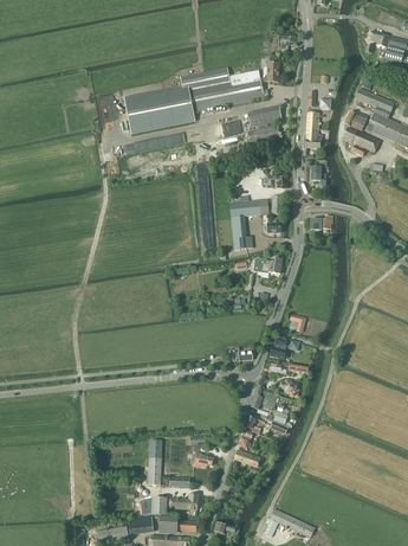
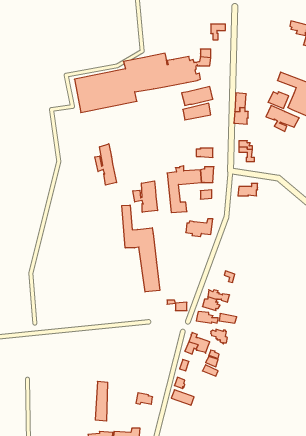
building: none -> [95,144,117,185]
building: none -> [133,181,158,212]
building: none -> [122,205,160,292]

